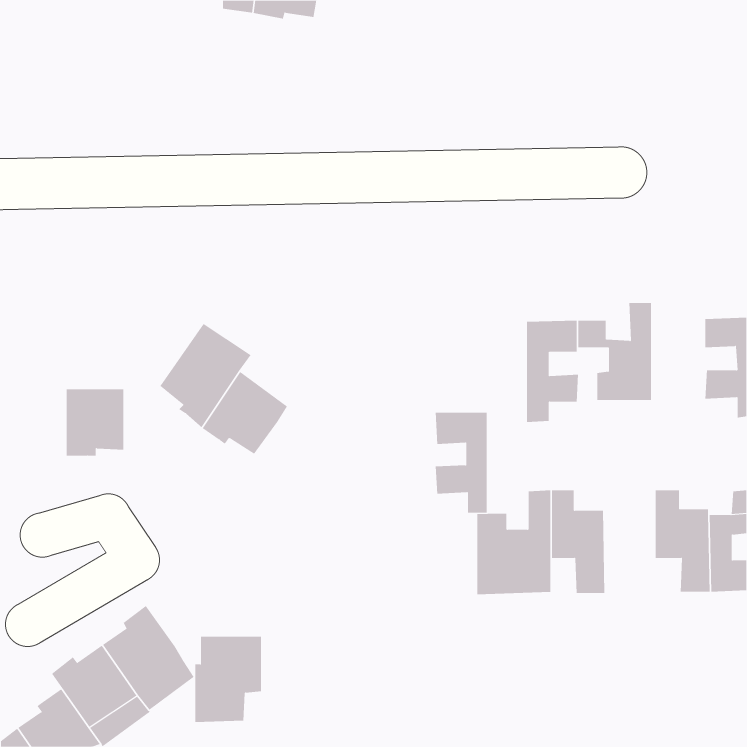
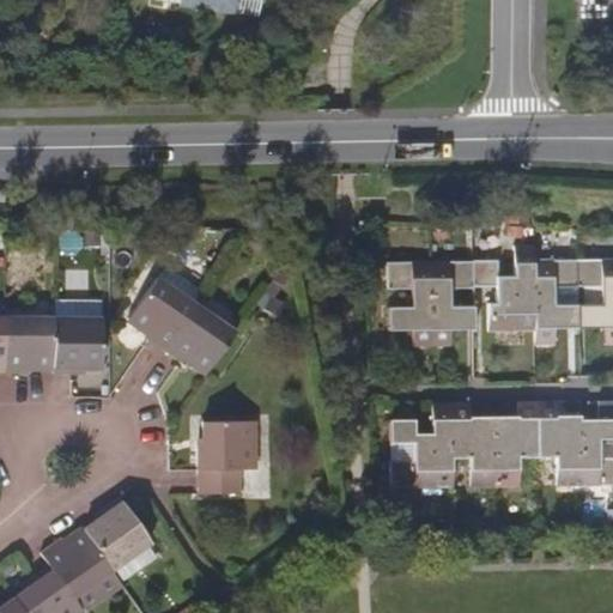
building: none -> [534,261,578,344]
building: none -> [6,317,54,374]
building: [435,412,488,513] -> [388,263,431,346]
building: none -> [494,401,536,486]
building: [194,636,262,722] -> [199,423,254,493]

